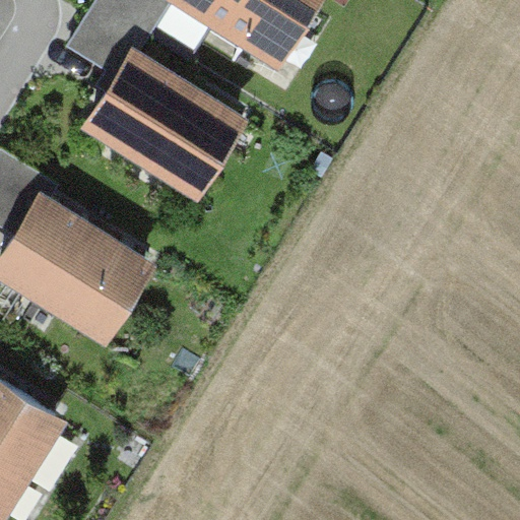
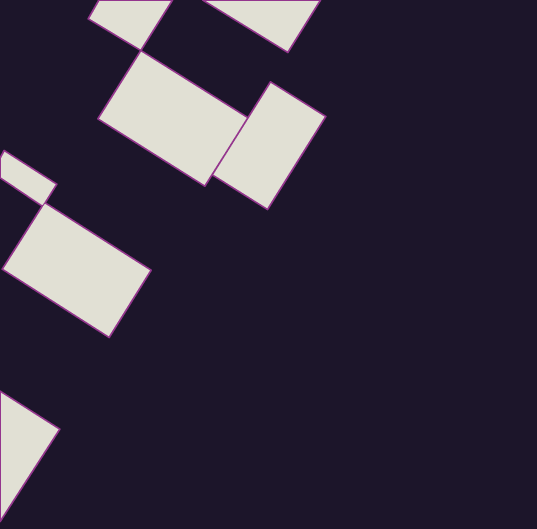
building: none -> [212,82,326,209]

